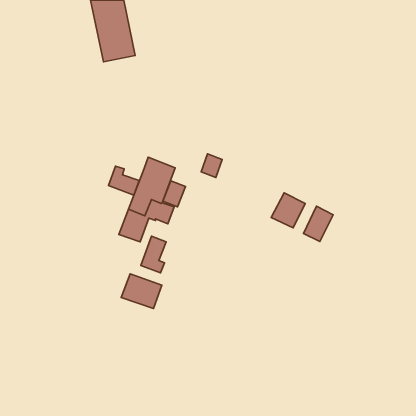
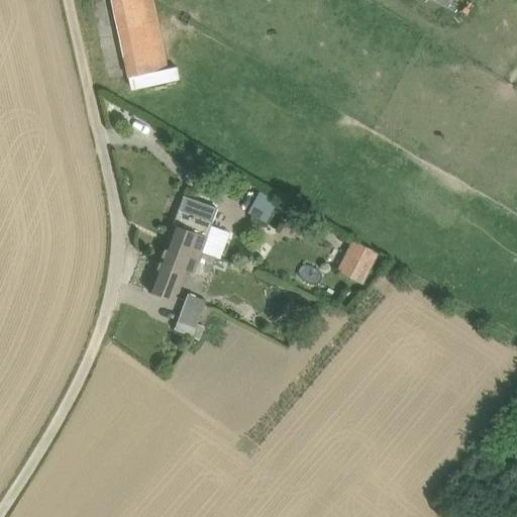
building: [108,166,139,195] -> none
building: [304,206,333,242] -> none
building: [121,274,162,308] -> none

